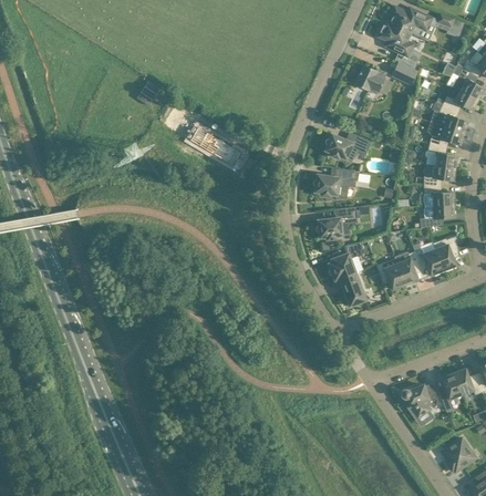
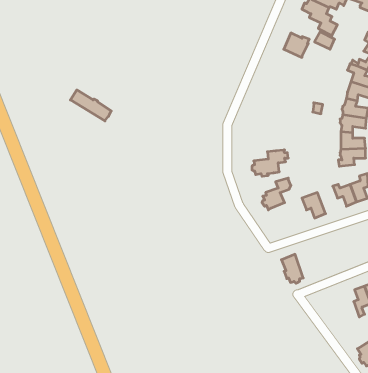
building: [190,127,240,165] -> [70,90,111,121]
building: [325,133,370,158] -> none
building: [312,168,356,196] -> none
building: [394,251,420,285] -> none
building: [339,271,365,307] -> [281,254,303,283]
building: [402,384,438,416] -> none

